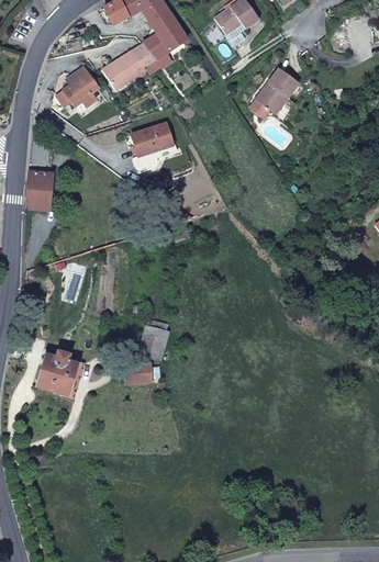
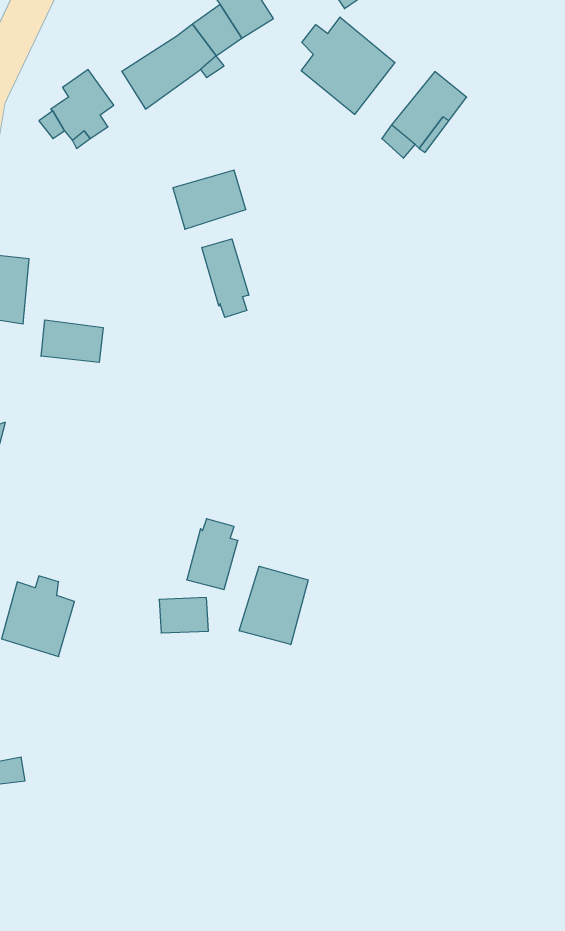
building: none -> [301,17,395,114]
building: none -> [202,239,249,317]
building: none -> [41,320,103,362]
building: none -> [239,566,308,645]

